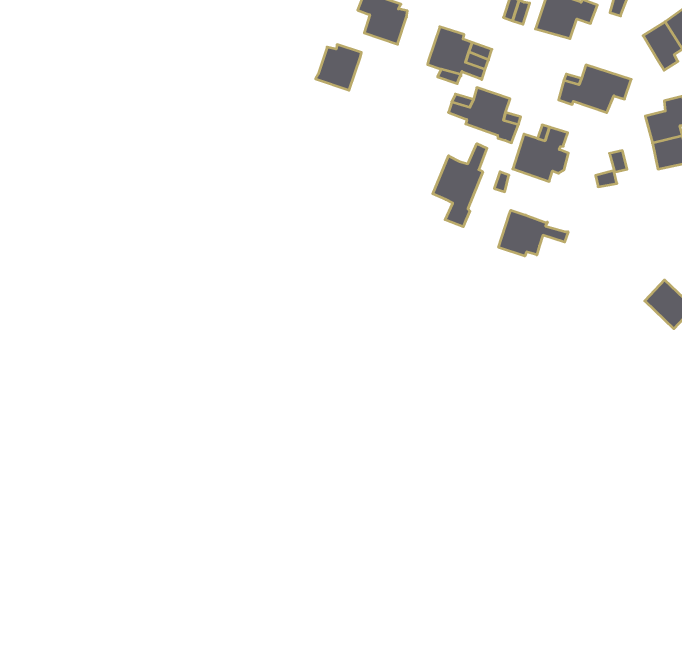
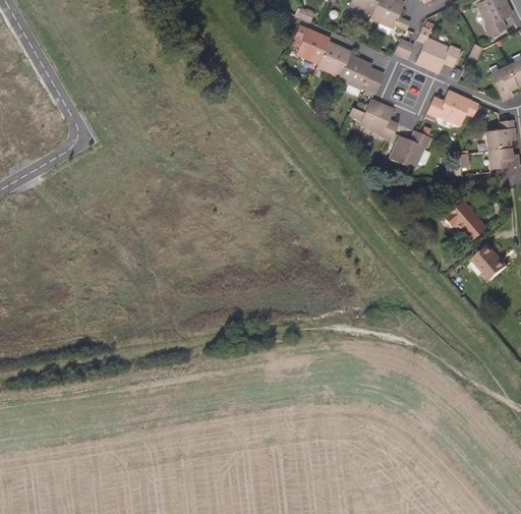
building: [316,45,361,90] -> [317,44,351,76]
building: [433,144,487,227] -> none
building: [499,210,568,256] -> none
building: none -> [444,201,485,240]

